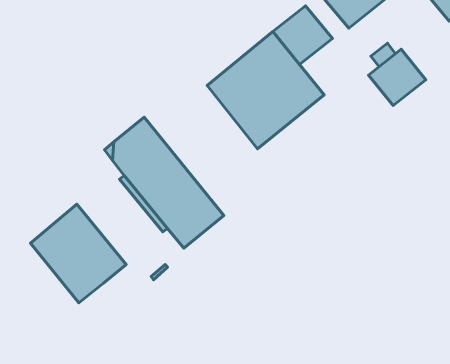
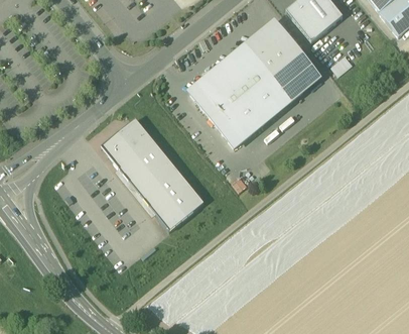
building: [369,49,426,106] -> [269,49,318,98]
building: [30,204,126,303] -> none

